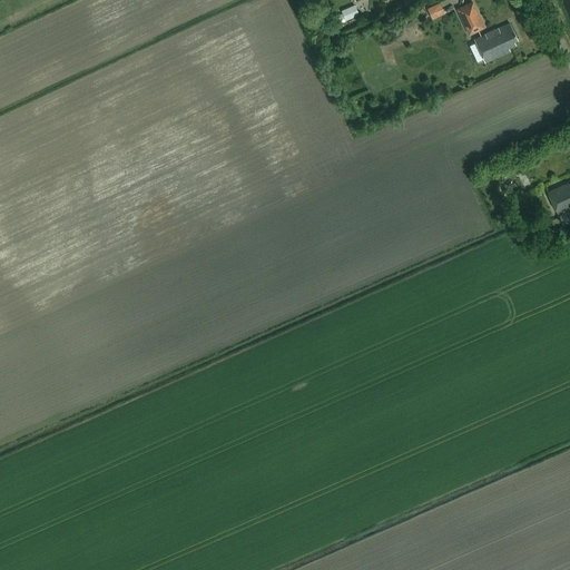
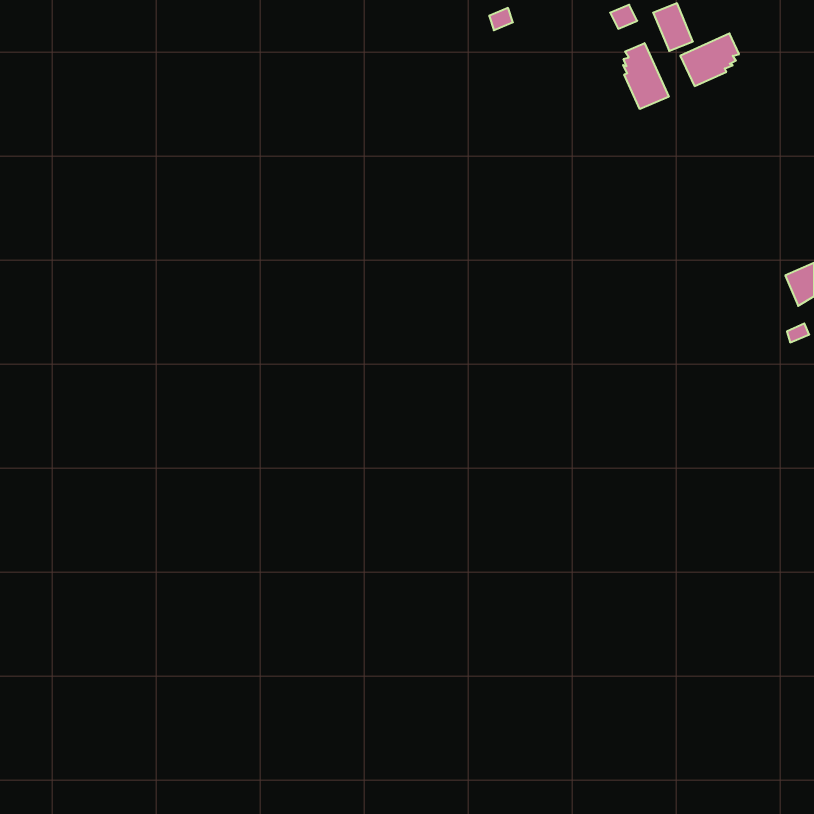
building: none -> [623,43,669,109]

